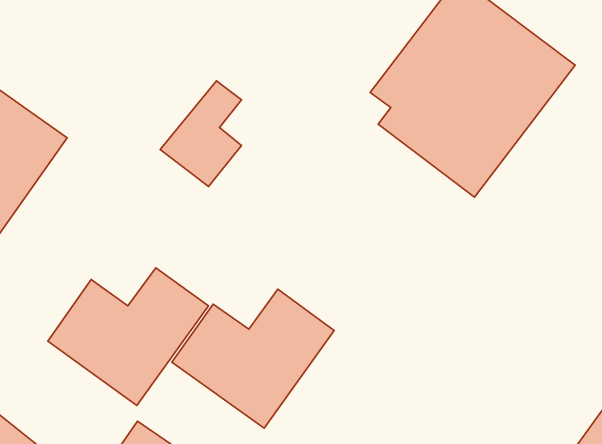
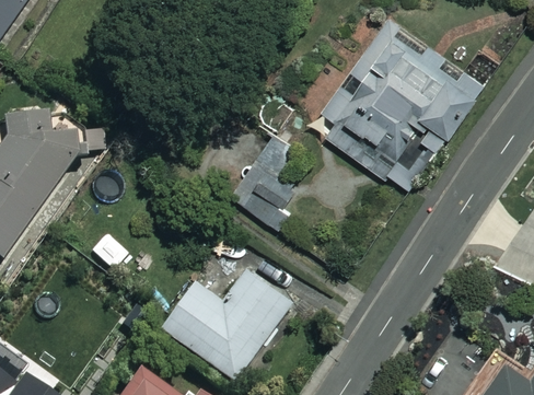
building: [160,81,241,187] -> [228,140,292,224]
building: [48,268,209,405] -> none

